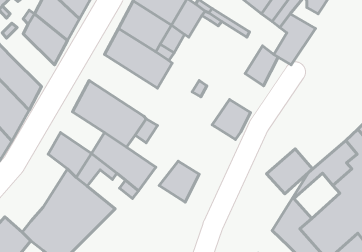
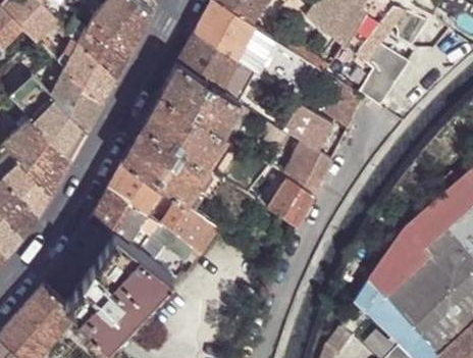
building: none -> [50,69,101,132]
building: none -> [142,94,226,166]
building: none -> [284,104,331,149]
building: none -> [108,161,160,210]
building: [267,149,313,194] -> [382,234,436,287]
building: [159,161,199,202] -> [267,178,314,226]

